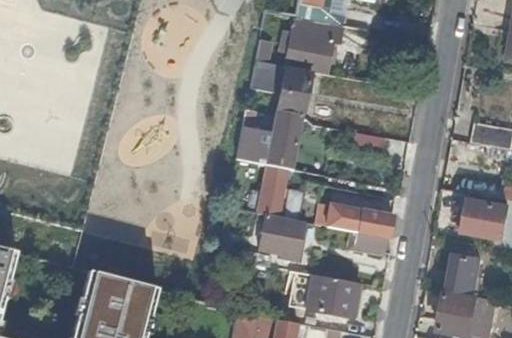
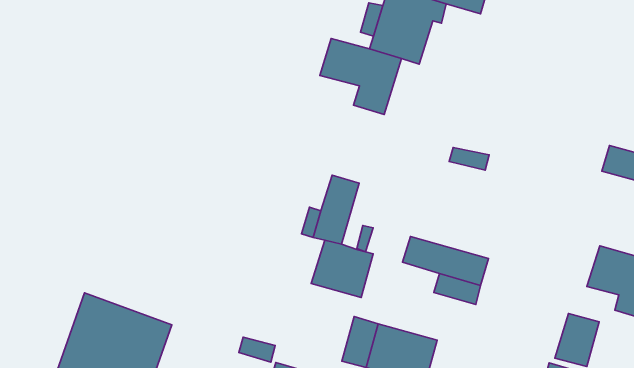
building: [237,109,302,168] -> none

